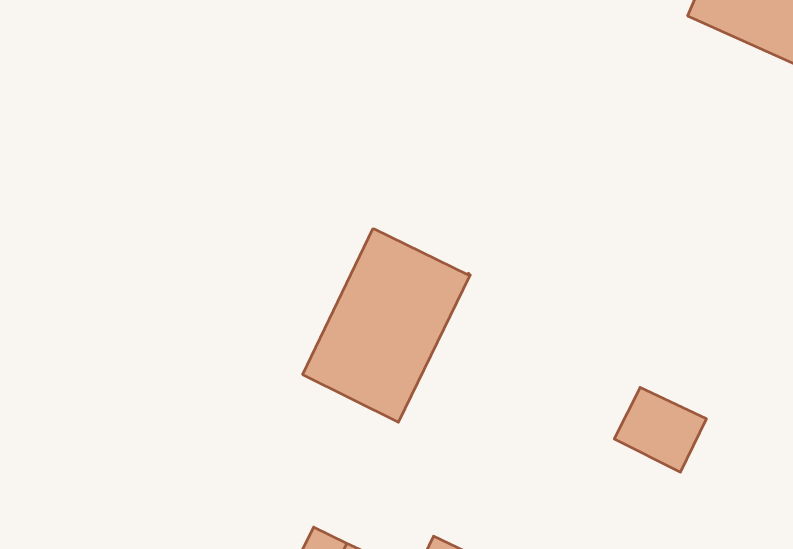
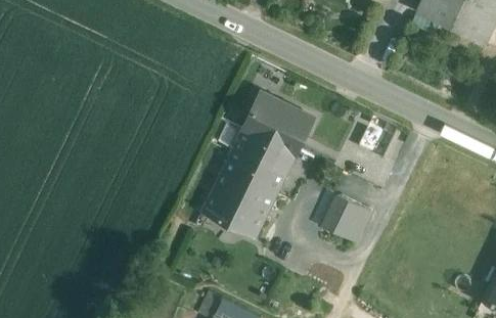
building: none -> [241,92,312,154]
building: [614,387,706,472] -> [321,194,372,241]

